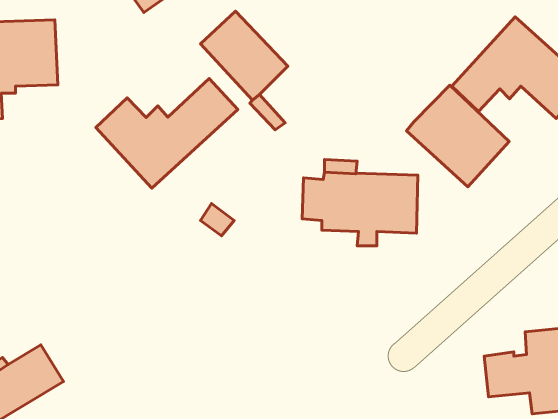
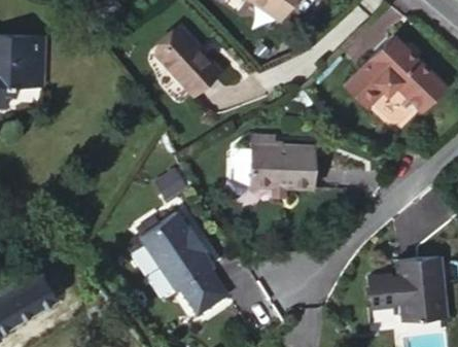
building: [96,79,238,188] -> none
building: [407,85,509,187] -> none
building: none -> [140,212,227,316]

